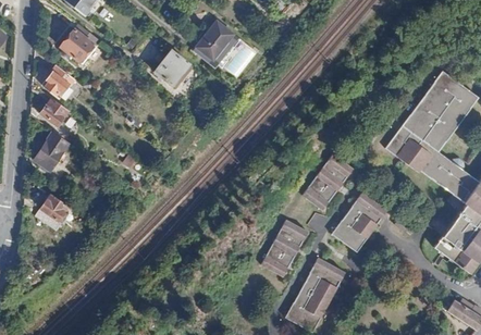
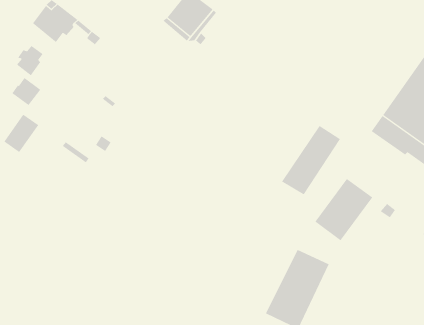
building: [157,51,190,86] -> none
building: [38,193,70,225] -> none
building: [258,223,304,281] -> none

